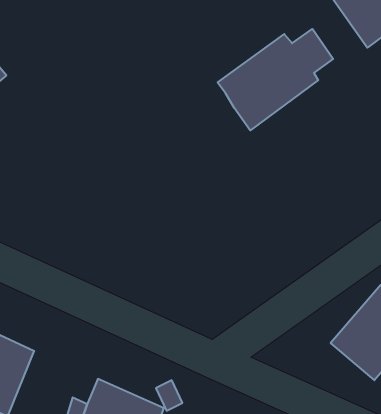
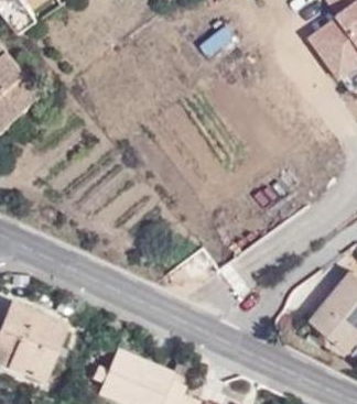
building: [218,29,333,130] -> none

